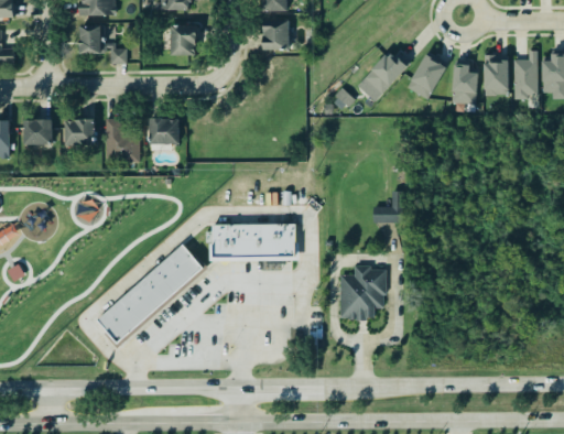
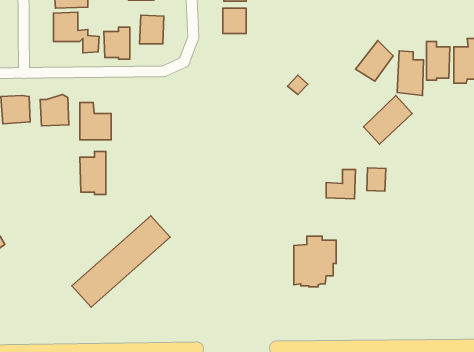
building: none -> [104,27,130,59]
building: [356,51,409,104] -> [363,95,412,144]
building: [150,119,180,145] -> none
building: none -> [80,152,106,194]
building: none -> [367,168,386,191]
building: [210,220,294,252] -> none

